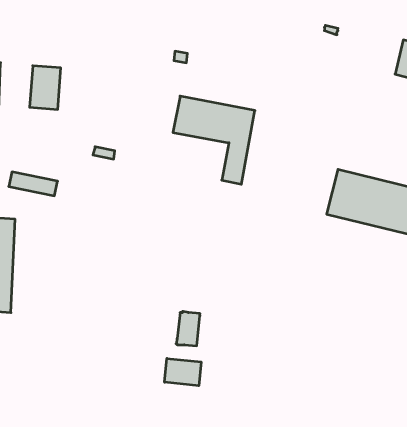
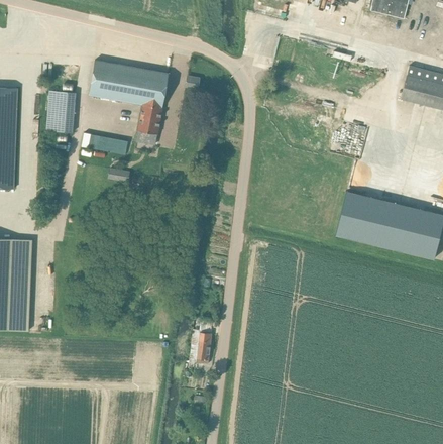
building: [173,96,255,184] -> [88,60,168,145]
building: [9,172,58,196] -> [81,132,128,155]
building: [165,358,201,386] -> none

